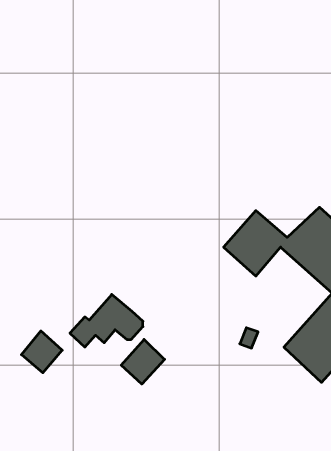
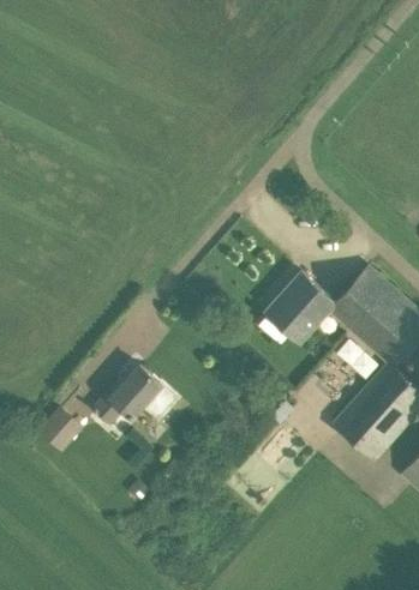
building: [121,339,165,384] -> none

